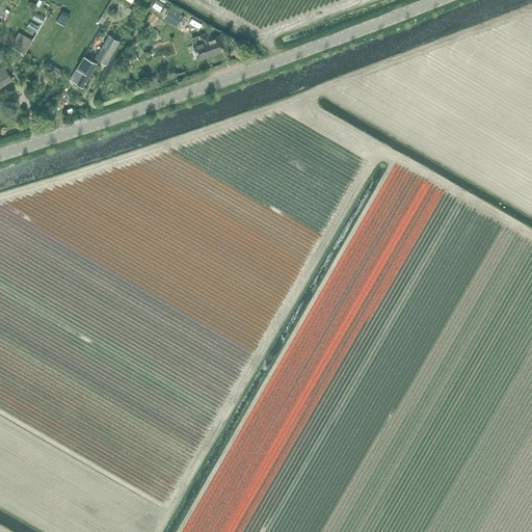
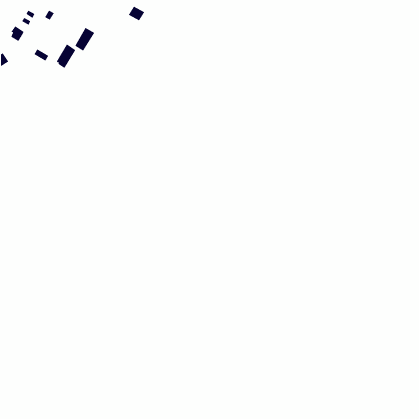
building: [193,31,224,59] -> none

